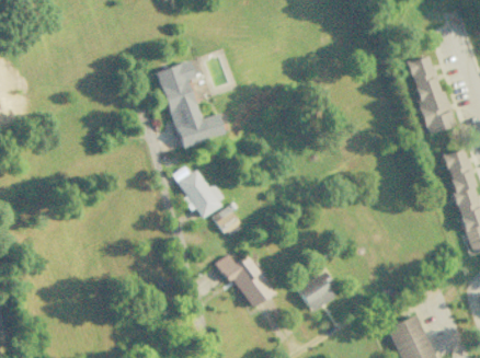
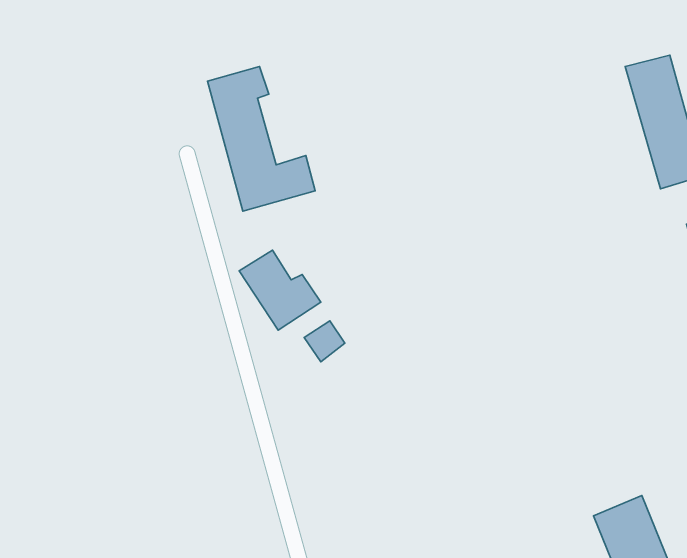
building: [219,254,273,309] -> none
building: [299,269,336,311] -> none

